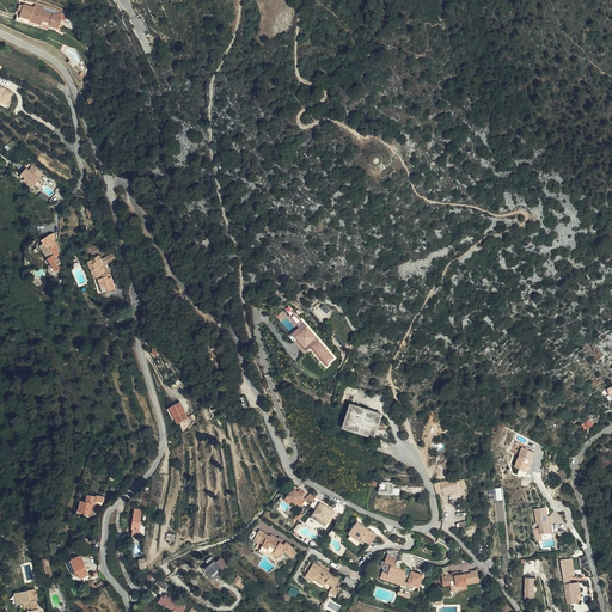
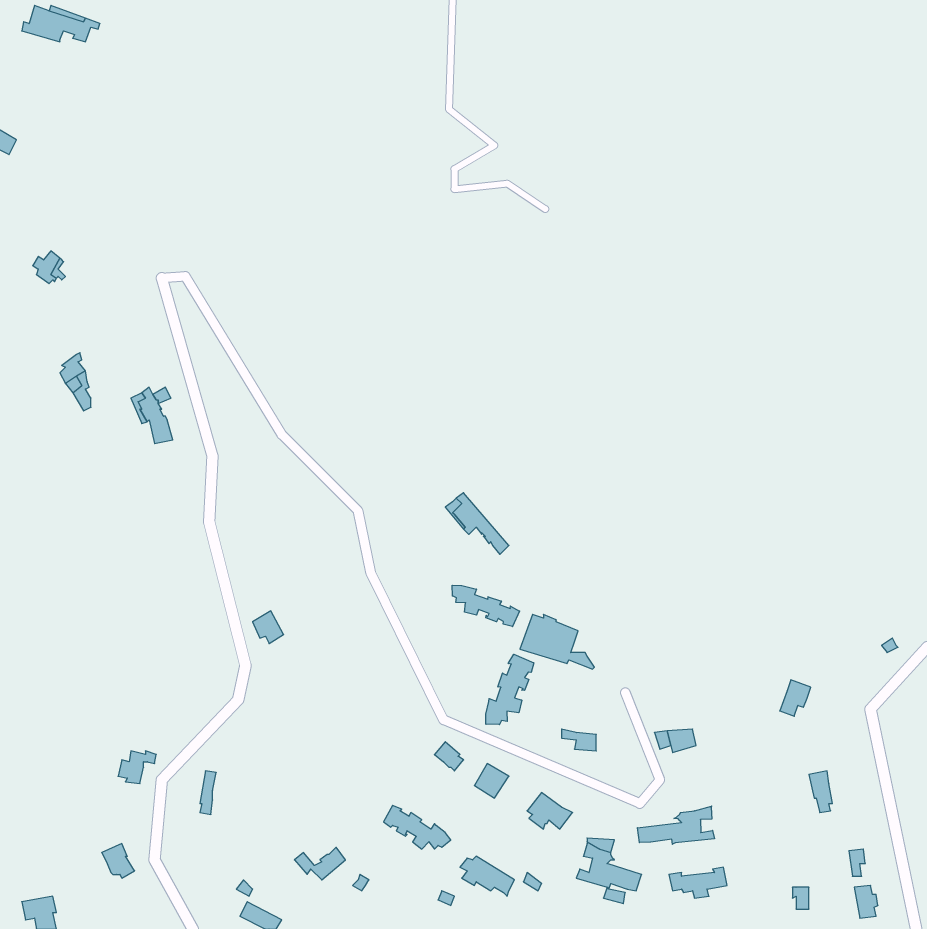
building: none -> [452,585,520,627]
building: none -> [486,654,534,725]
building: none -> [637,806,714,844]

